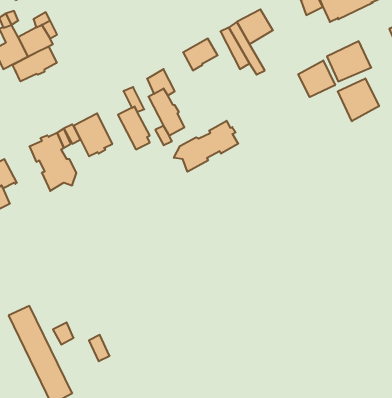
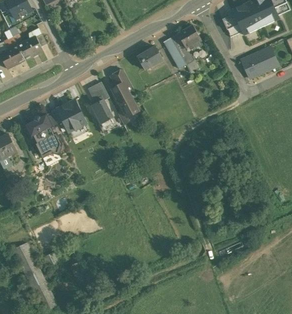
building: [12,47,57,81] -> none
building: [298,60,335,97] -> none
building: [338,78,379,121] -> none
building: [174,121,238,172] -> none

